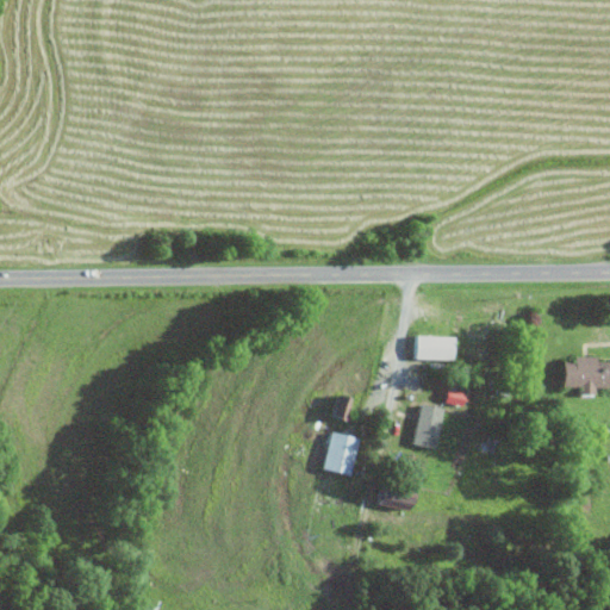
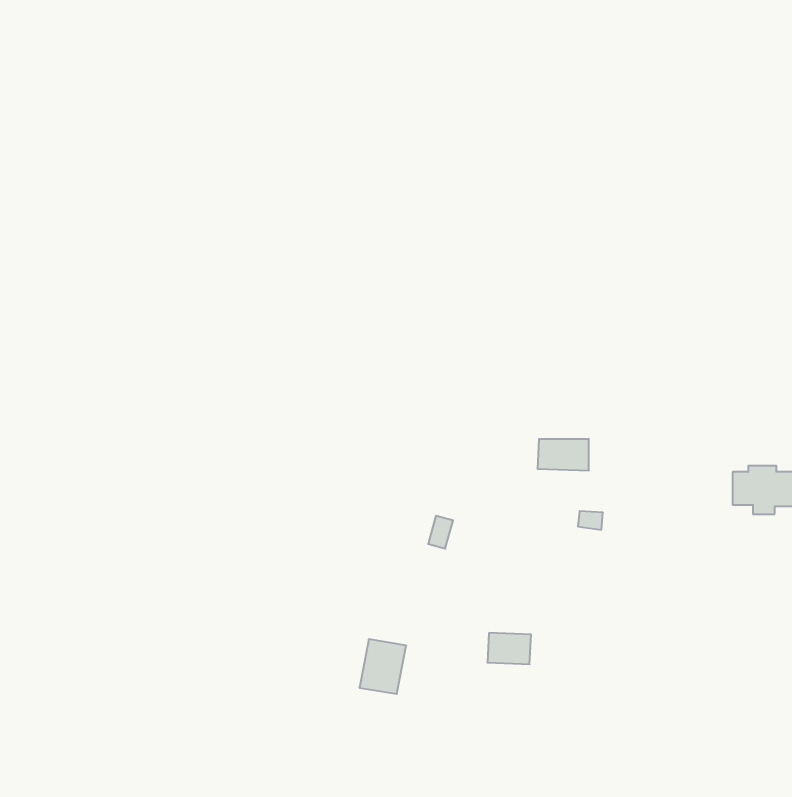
building: [413,404,443,448] -> none
building: [323,432,359,474] -> [359,639,406,694]

